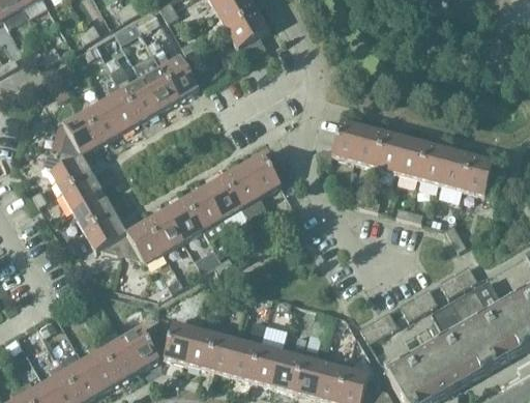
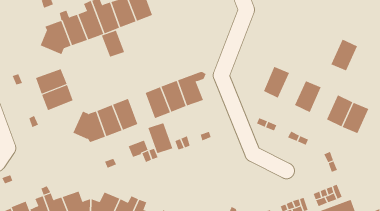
building: none -> [101,30,125,58]
building: [317,120,362,161] -> none
building: [375,132,406,172] -> none
building: [418,143,449,183] -> [331,39,358,71]
building: [50,149,92,192] -> none
building: [184,188,222,229] -> [147,122,173,154]
building: [84,212,128,254] -> none

